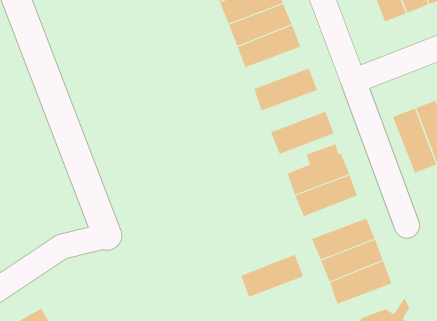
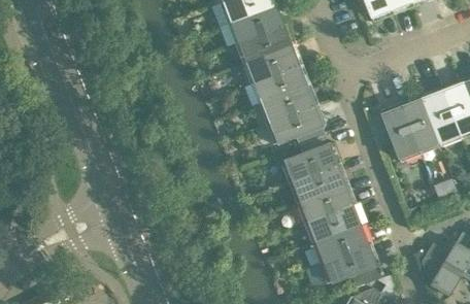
building: none -> [242,45,302,85]
building: none -> [258,86,317,125]
building: [241,254,304,298] -> [297,183,356,224]

